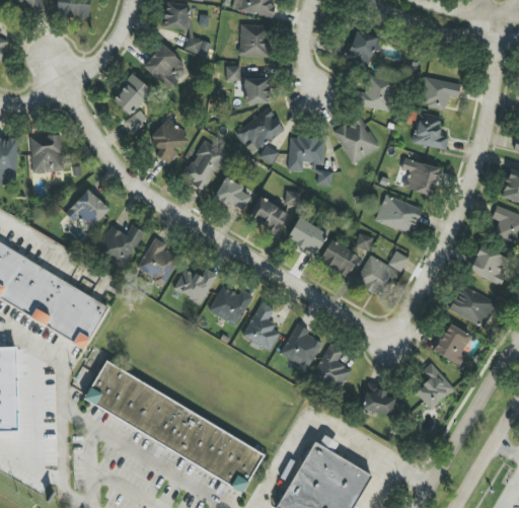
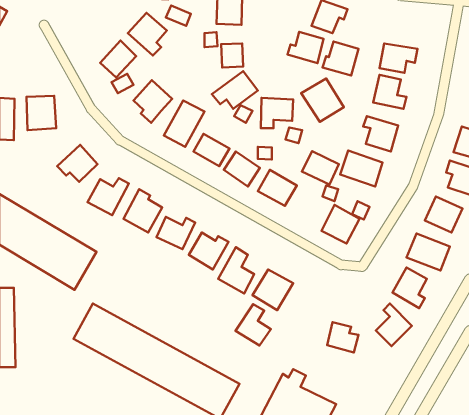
building: none -> [288,32,323,63]
building: [318,240,359,277] -> [302,151,339,184]
building: [312,343,351,388] -> [236,304,271,346]

